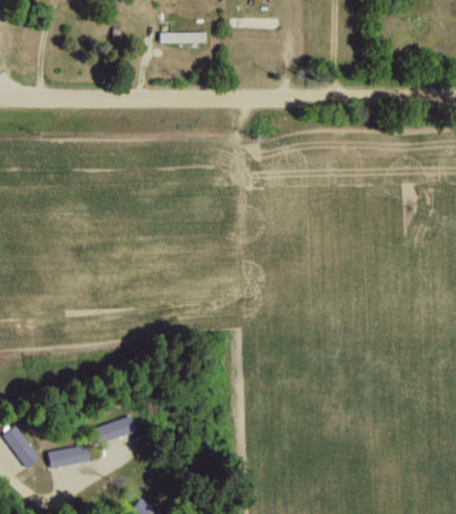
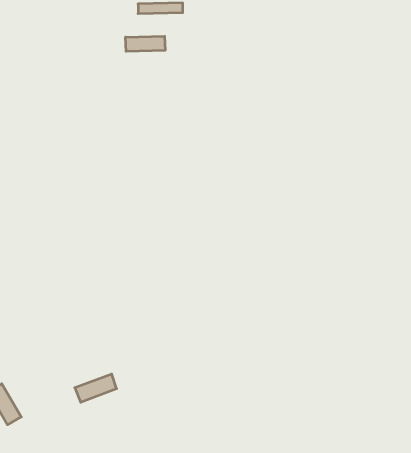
building: none -> [126,36,165,51]
building: [48,445,90,468] -> none

